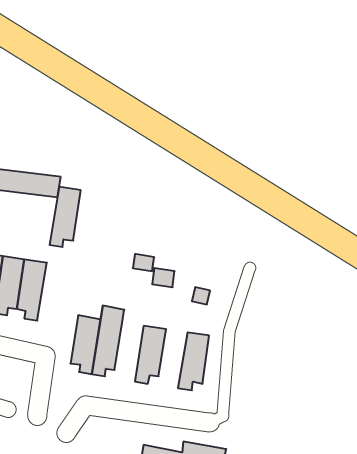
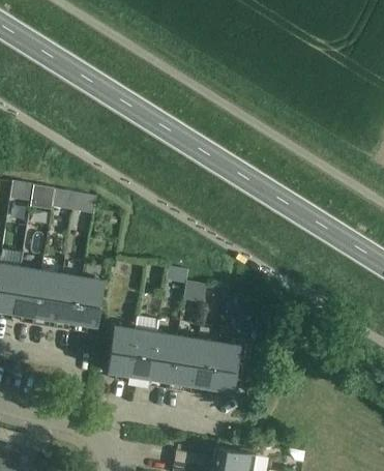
building: [50,187,81,247] -> [75,275,105,333]
building: none -> [149,333,177,390]
building: none -> [191,340,219,396]

